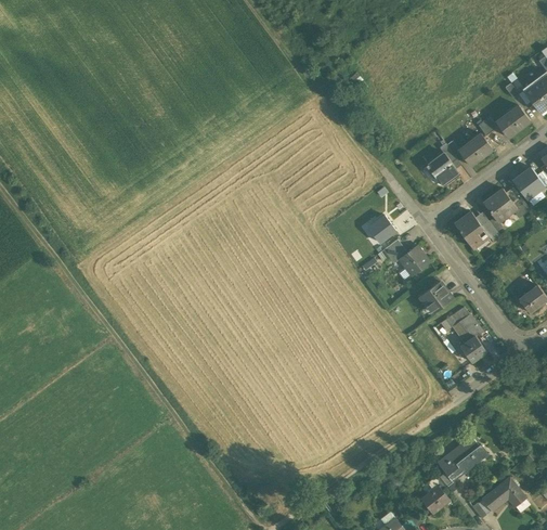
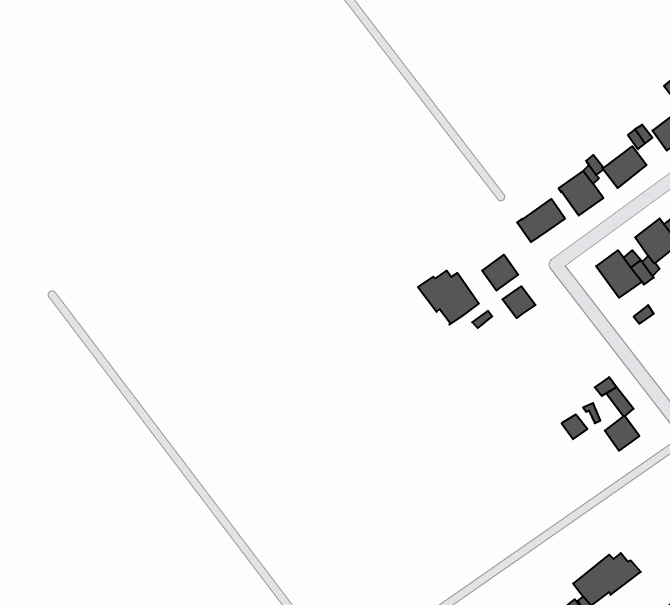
building: none -> [517,199,565,242]
building: none -> [418,271,479,325]
building: [399,246,429,276] -> none
building: [419,282,453,314] -> none

